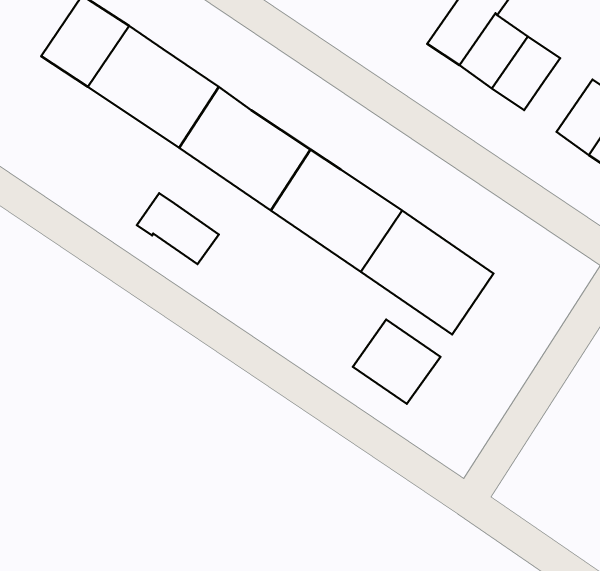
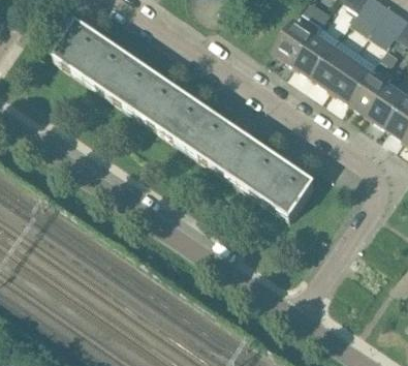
building: none -> [332,60,371,102]
building: [137,193,219,264] -> none
building: [353,320,440,404] -> none

